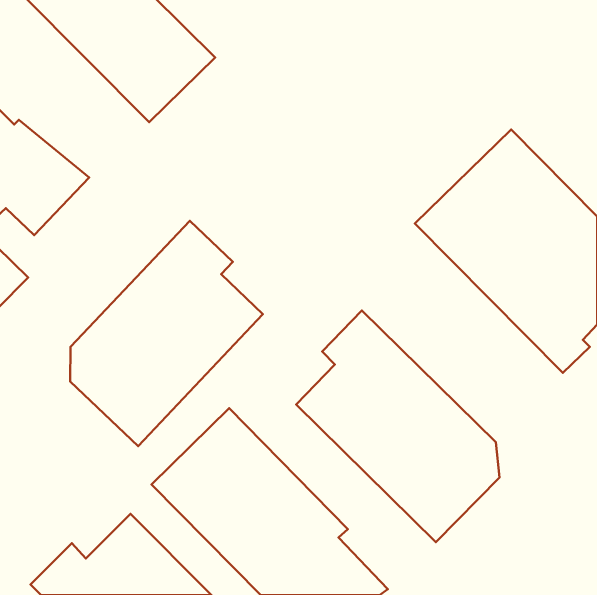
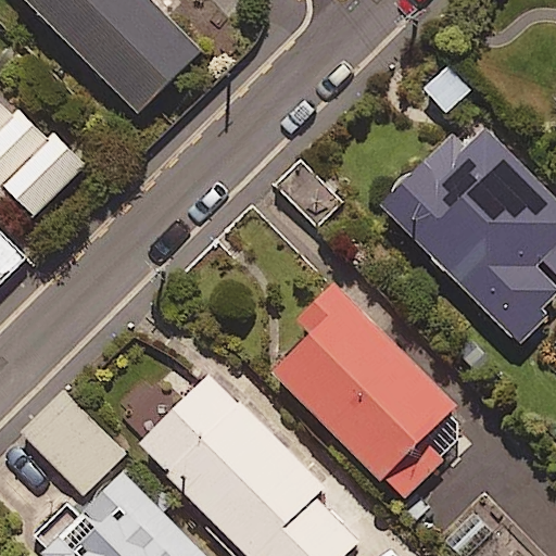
building: [70,221,263,446] -> none
building: none -> [21,391,123,492]

